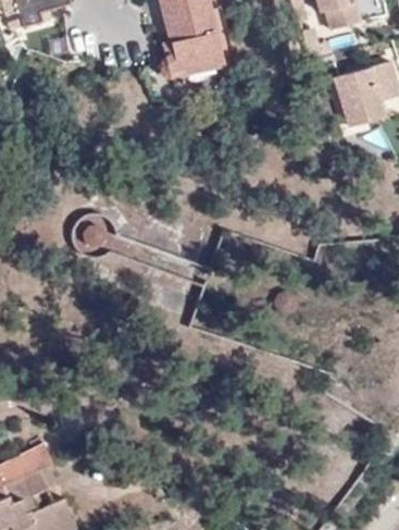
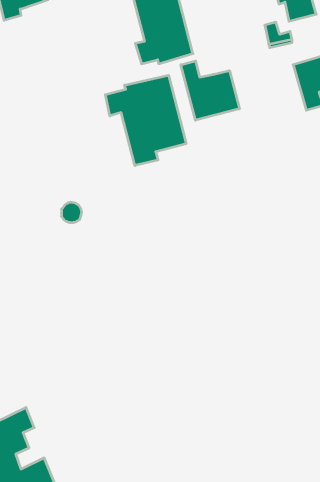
building: none -> [181,61,239,120]
building: none -> [105,75,186,166]

